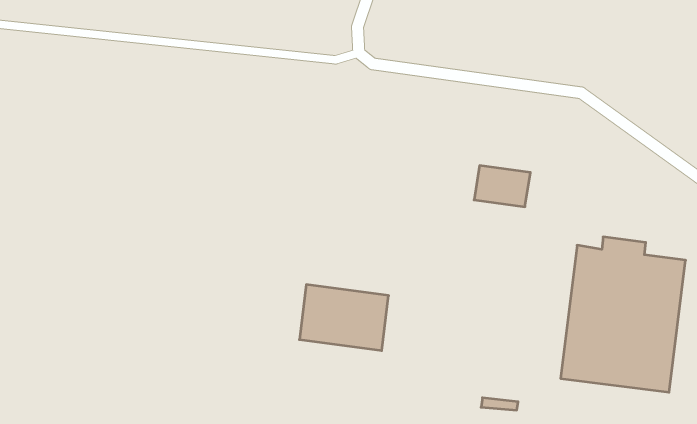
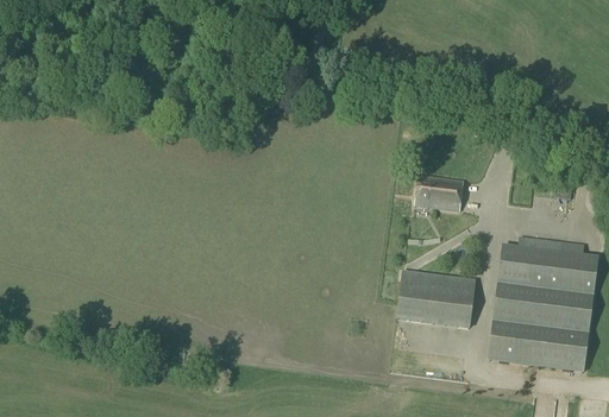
building: [299,285,389,351] -> [397,270,475,327]

